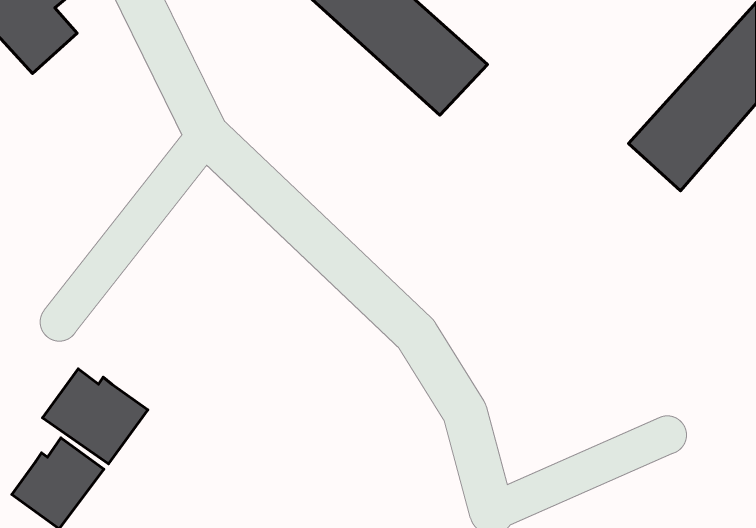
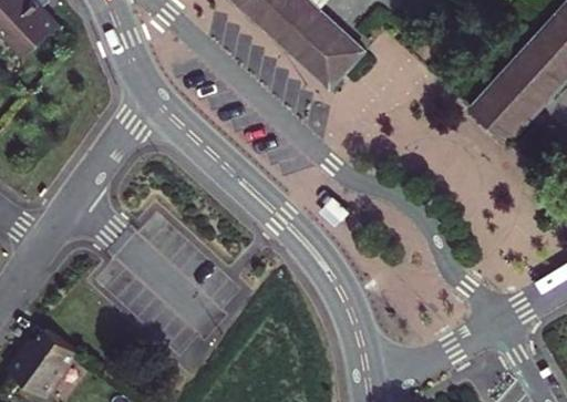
building: [43,369,148,464] -> none

